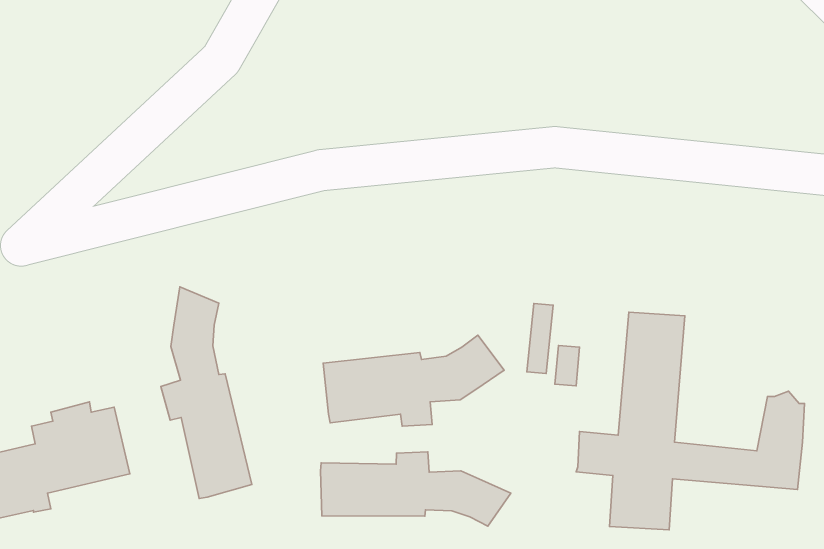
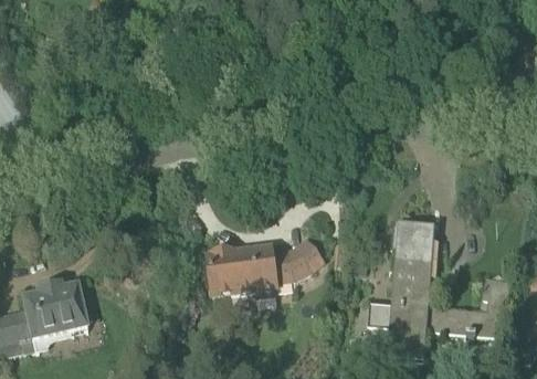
building: [161,287,252,498] -> none
building: [321,452,511,526] -> none

